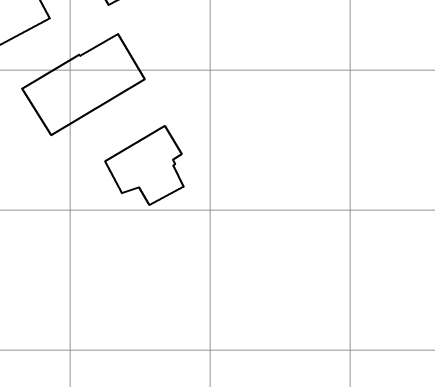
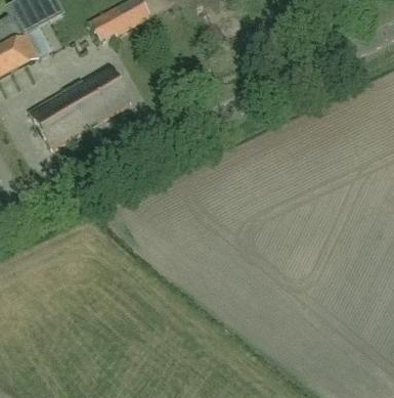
building: [105,126,184,205] -> none

